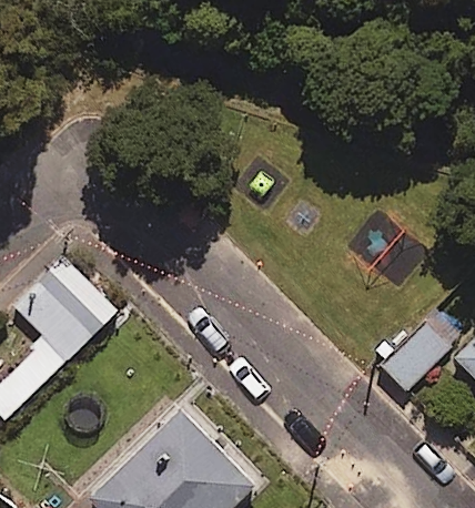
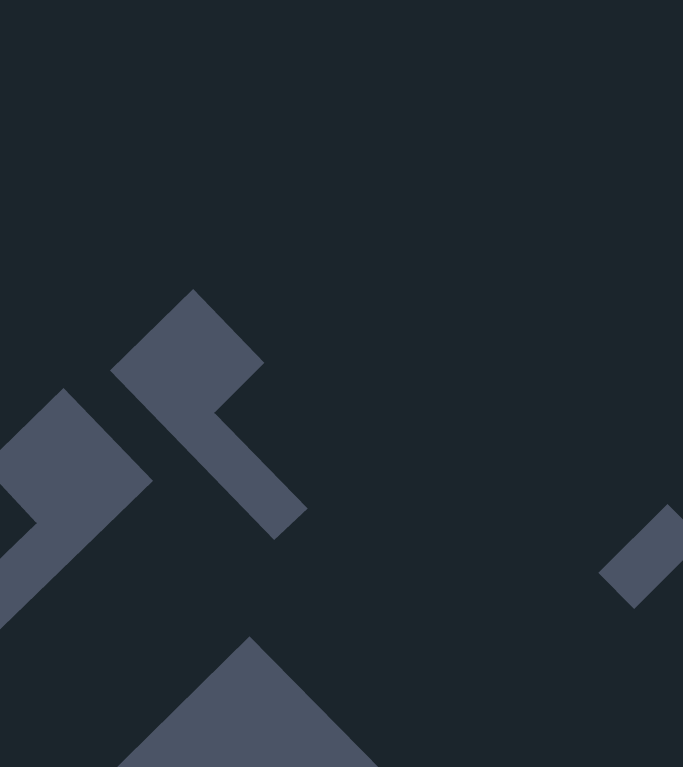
building: none -> [109,288,309,541]

